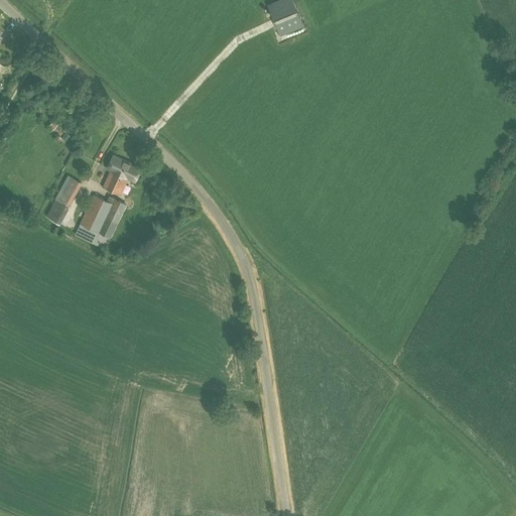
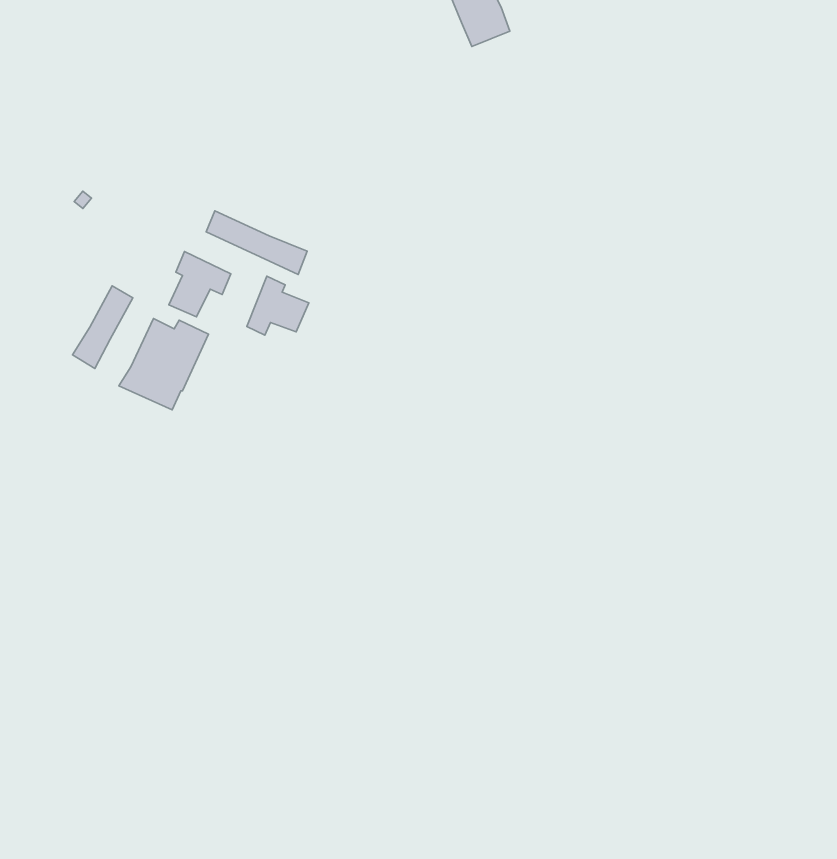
building: none -> [206,211,307,275]
building: none -> [247,276,309,335]

